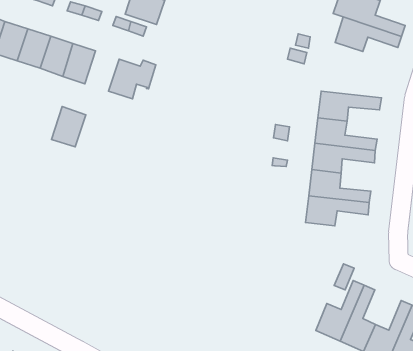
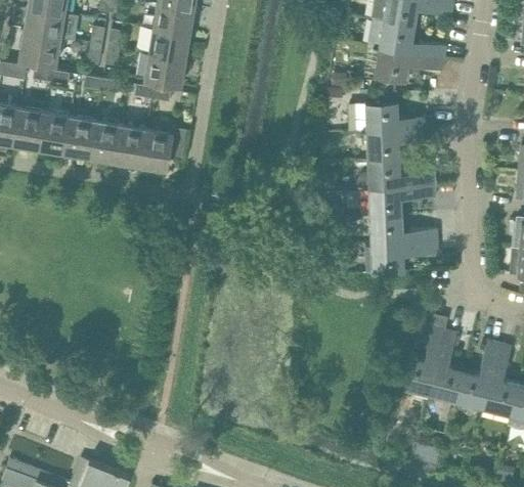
building: none -> [366,101,433,131]
building: [51,106,86,147] -> [115,125,147,166]

